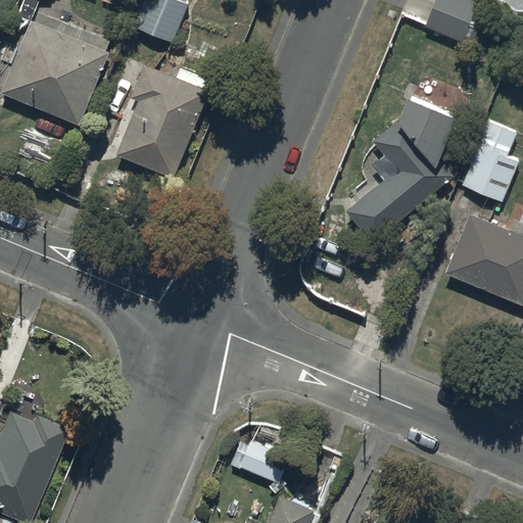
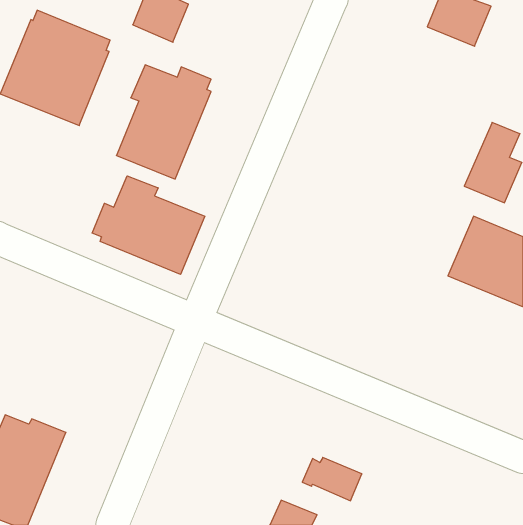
building: [345,98,458,243] -> none
building: none -> [92,176,205,274]
building: [230,440,289,483] -> [302,457,362,501]

